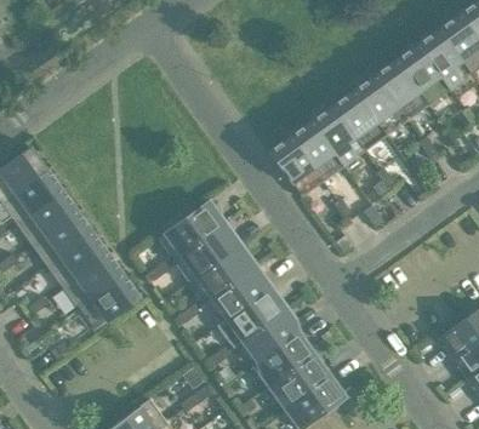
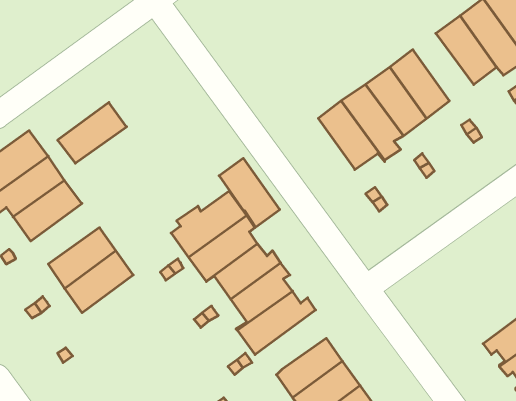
building: [375,57,429,118] -> none
building: [268,133,323,195] -> [219,158,280,227]
building: [32,210,93,264] -> [58,102,127,163]
building: [78,274,139,328] -> none
building: [233,305,297,359] -> none

